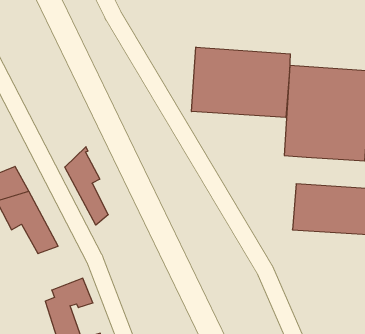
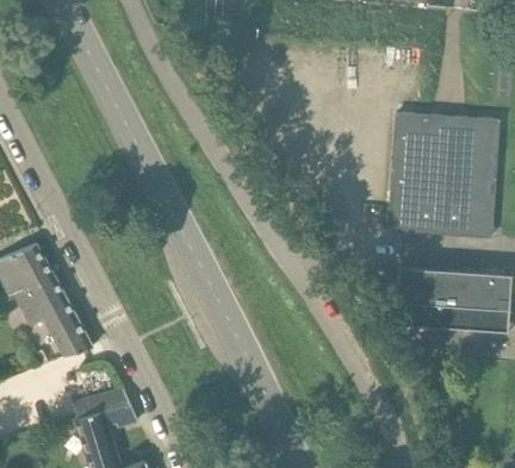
building: [192,47,290,118] -> none
building: [65,147,108,225] -> none

